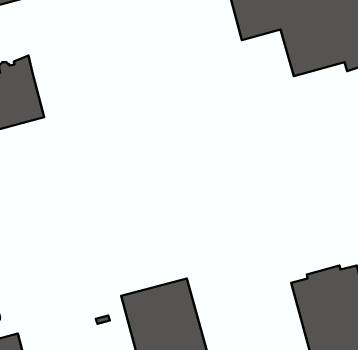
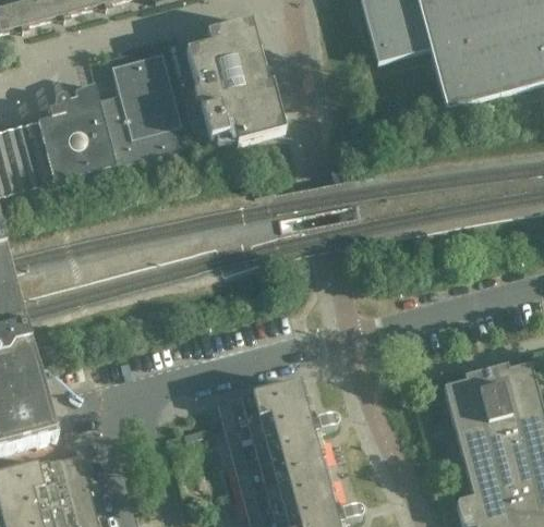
building: none -> [185,20,285,143]
building: none -> [99,52,181,166]

